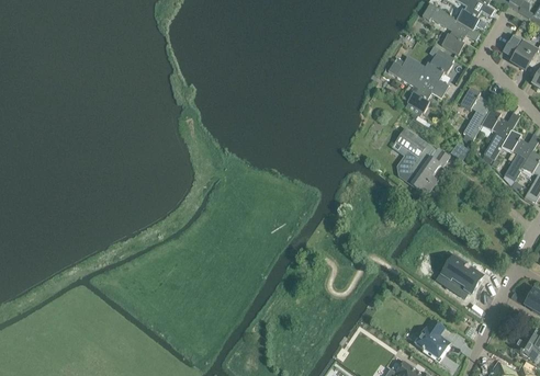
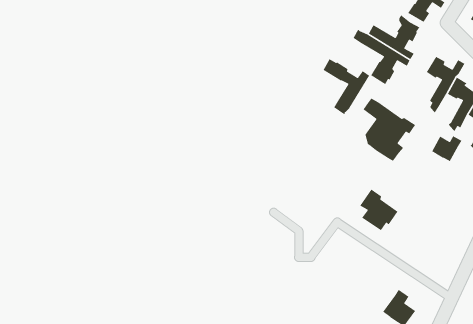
building: none -> [322,58,370,115]
building: none -> [431,135,462,162]
building: [442,254,482,297] -> [359,188,399,231]

